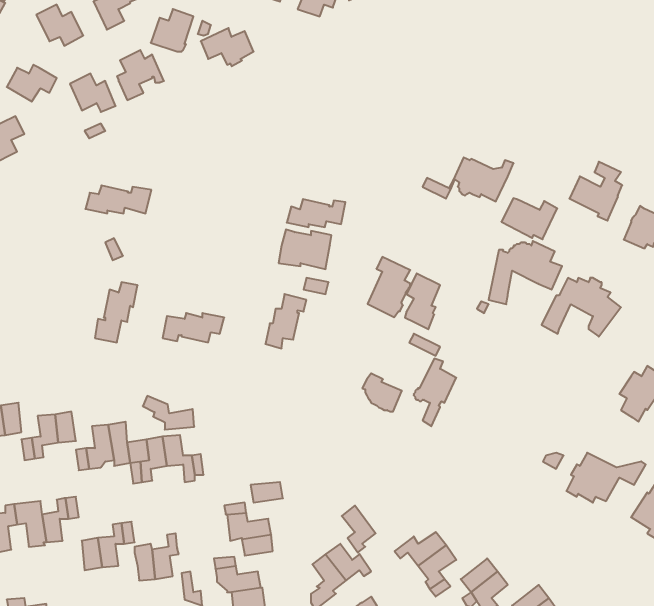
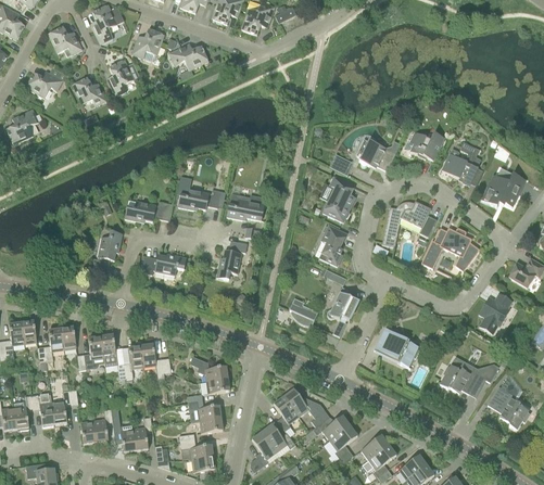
building: [85,185,151,213] -> [125,200,174,220]
building: [501,198,557,239] -> [403,129,444,159]
building: [287,199,345,227] -> [178,188,222,208]
building: [368,257,410,317] -> [324,176,355,220]
building: [143,396,194,430] -> [190,355,228,380]
building: none -> [375,326,419,367]
building: none -> [283,387,330,425]

